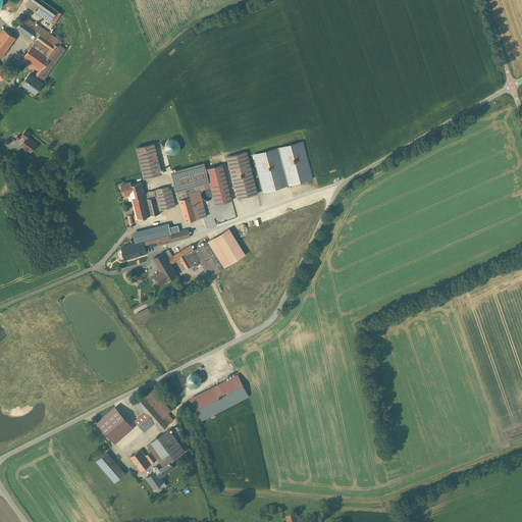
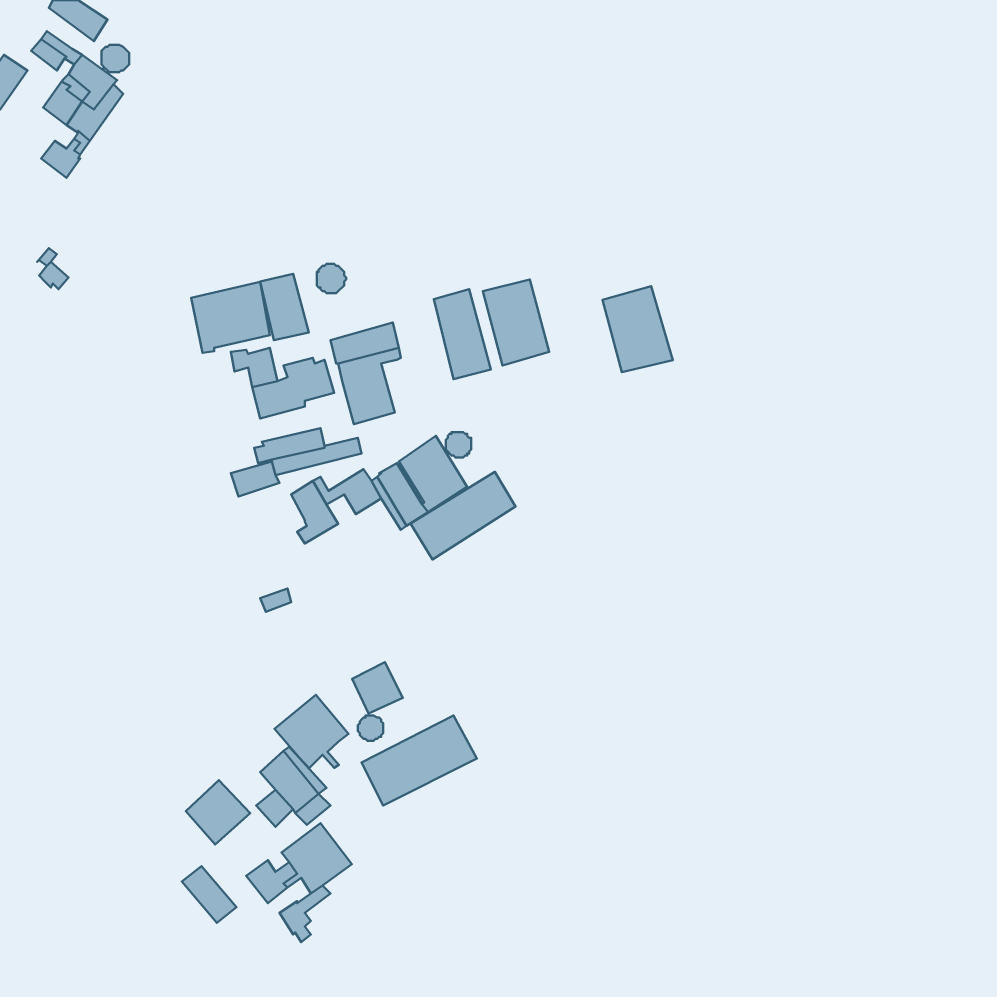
building: [276,140,313,185] -> [602,286,673,372]
building: none -> [191,282,270,353]
building: [206,165,230,205] -> none
building: none -> [410,472,516,560]
building: none -> [352,662,403,714]
building: none -> [275,695,348,768]

